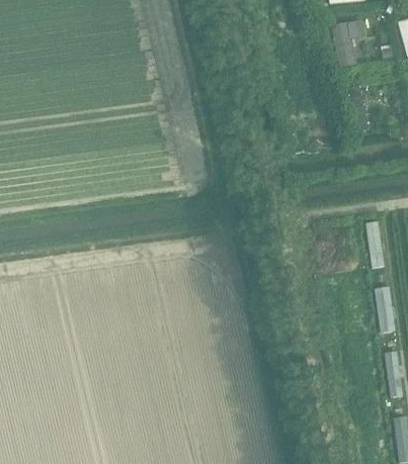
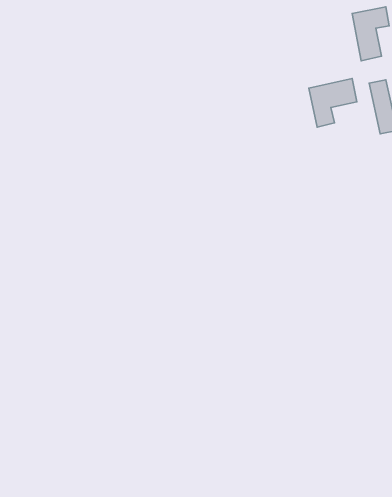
building: none -> [309,78,357,127]

